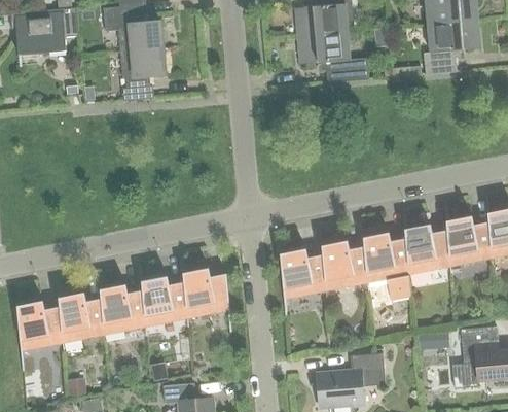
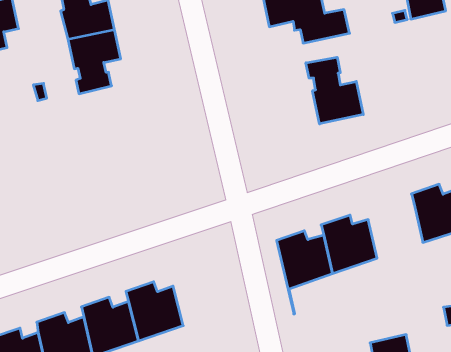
building: none -> [306,57,363,124]
building: [363,232,410,301] -> none
building: [183,267,230,332] -> none

